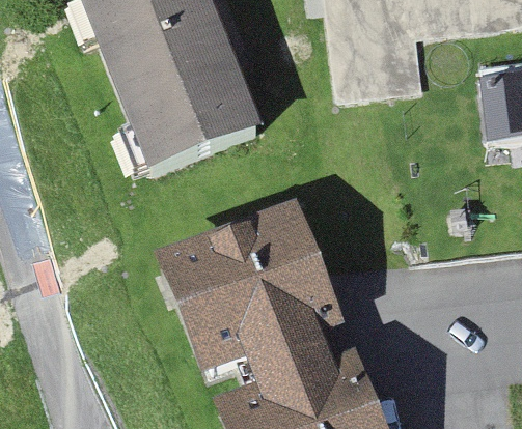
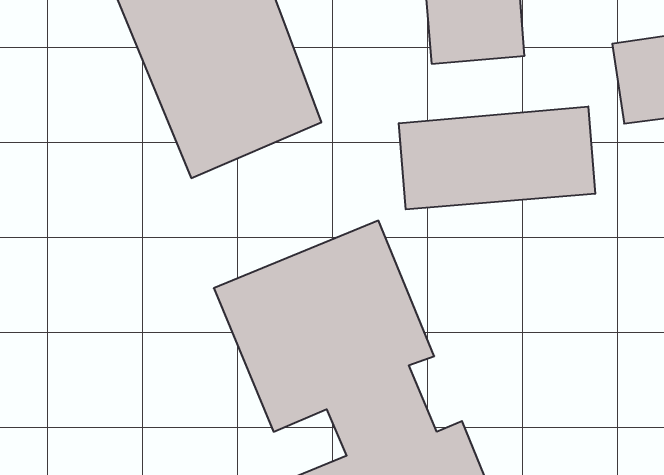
building: none -> [399,106,595,209]

